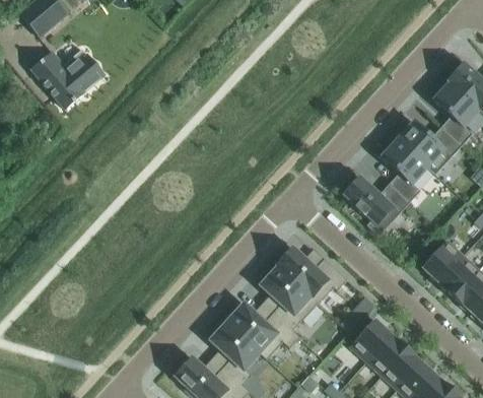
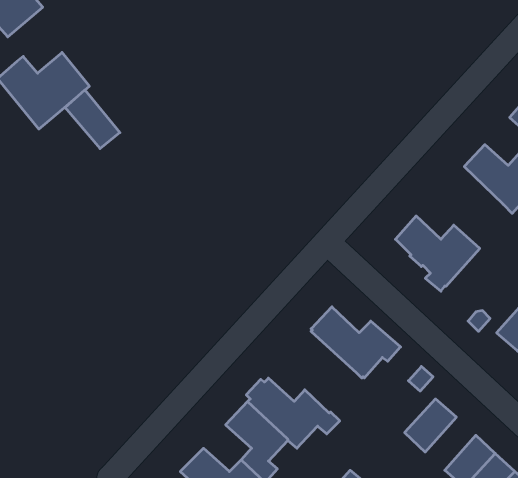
building: none -> [65,90,120,149]
building: [381,138,428,202] -> none
building: [262,267,318,331] -> none
building: [367,334,407,376] -> none

